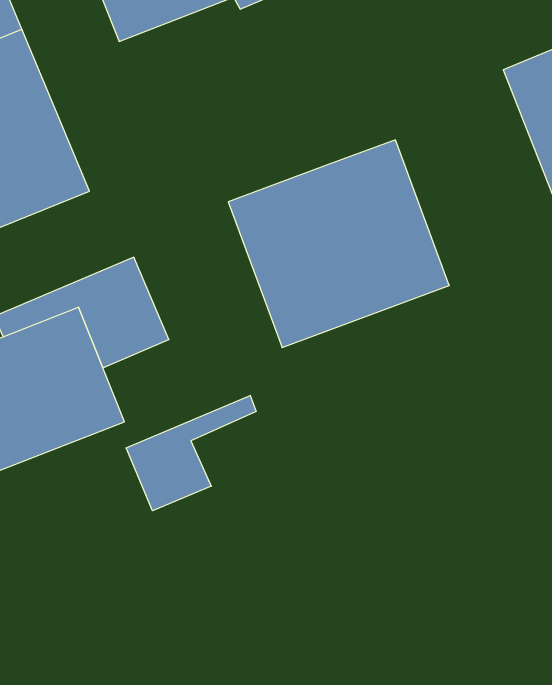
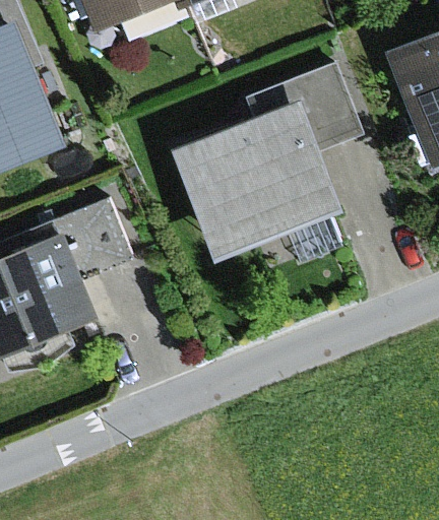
building: none -> [243,62,361,150]
building: [126,395,256,511] -> none

